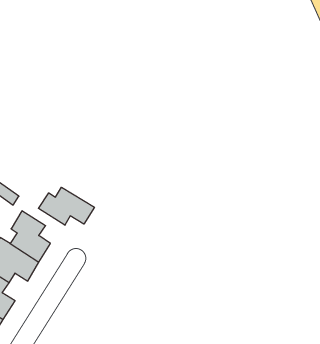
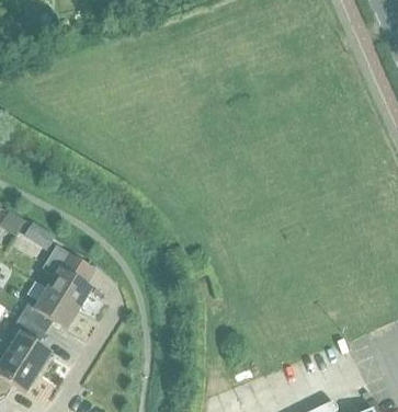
building: [38,187,94,225] -> none

